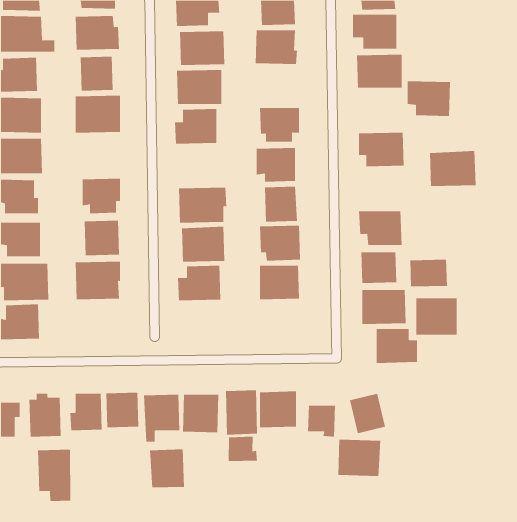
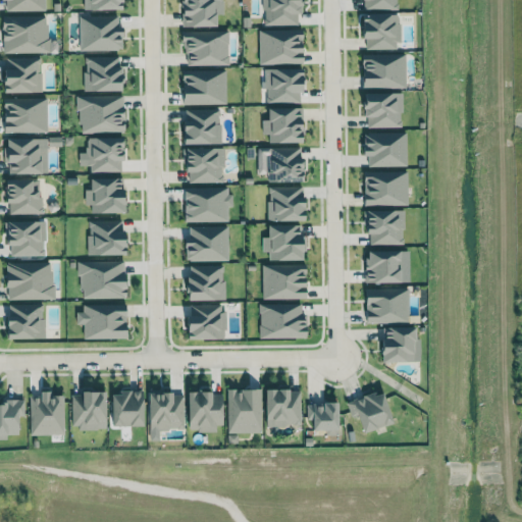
building: none -> [265,68,301,104]
building: [407,81,451,117] -> [361,93,405,128]
building: none -> [81,139,123,173]
building: none -> [181,148,226,184]
building: [429,151,476,186] -> [363,171,410,207]
building: [410,259,447,287] -> none
building: [416,298,457,335] -> none
building: none -> [261,304,306,340]
building: none -> [76,305,128,340]
building: none -> [182,305,226,341]
building: [228,436,257,462] -> none
building: [338,439,381,477] -> none
building: [150,448,184,488] -> none
building: [38,449,71,502] -> none

